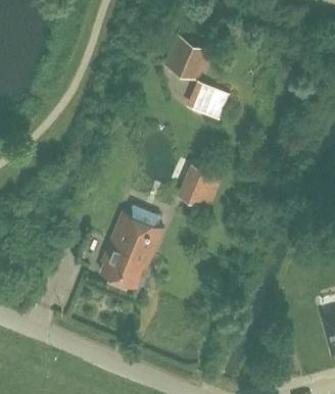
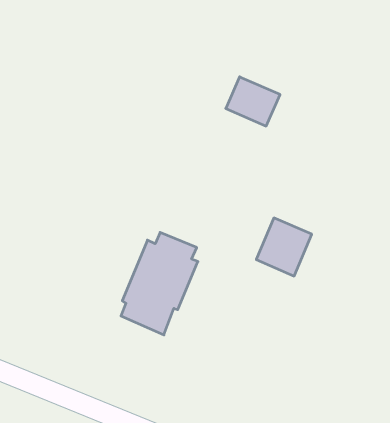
building: [162,36,211,81] -> none
building: [178,166,223,213] -> [256,218,312,276]

